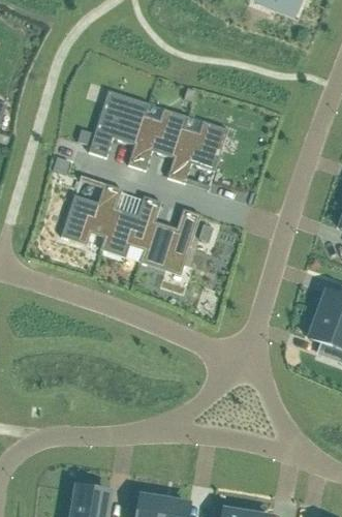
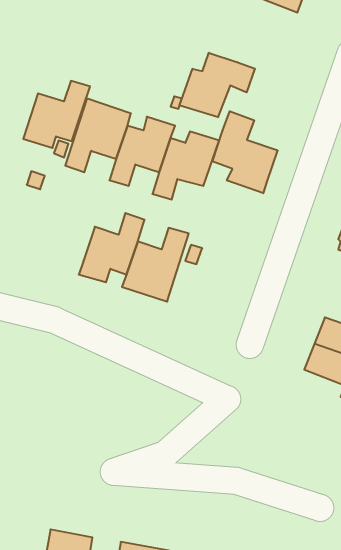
building: none -> [180,53,255,117]
building: none -> [212,111,278,193]
building: [60,183,121,244] -> [23,81,90,148]

